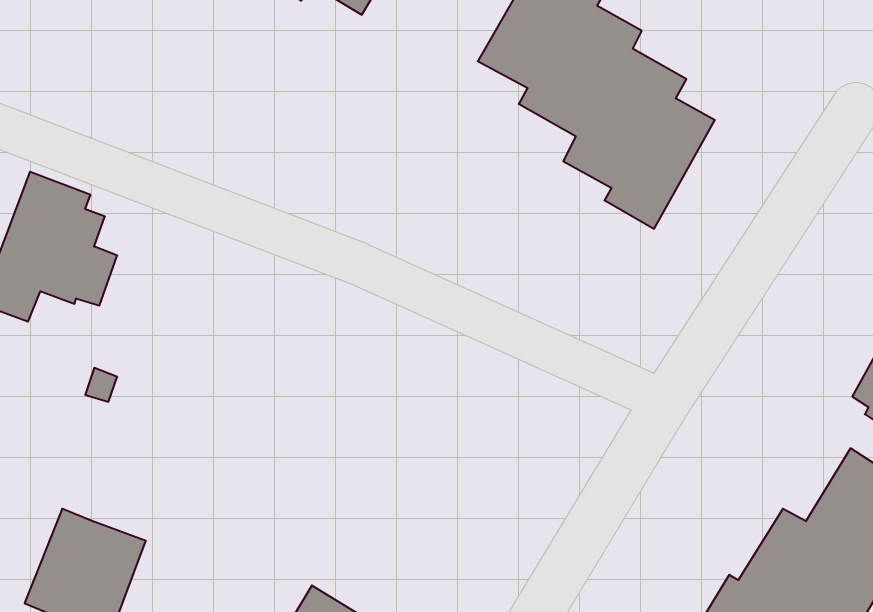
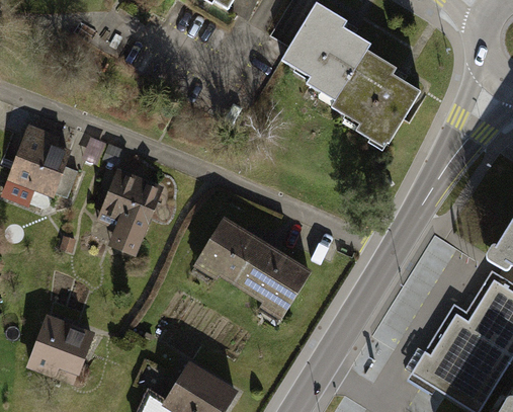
building: none -> [95,167,164,255]
building: none -> [192,214,312,318]

